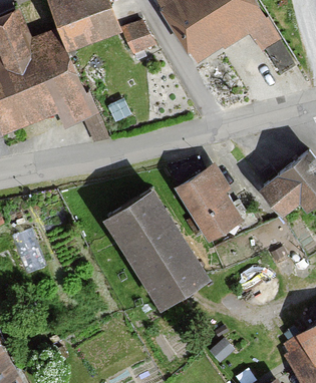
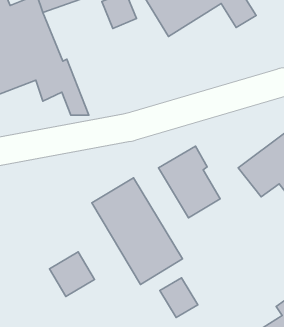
building: none -> [49,252,95,297]
building: none -> [160,278,198,318]

